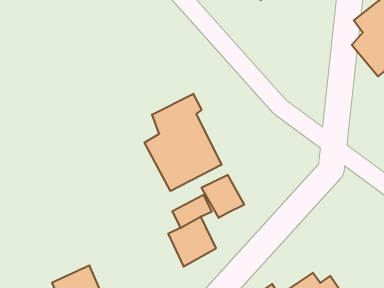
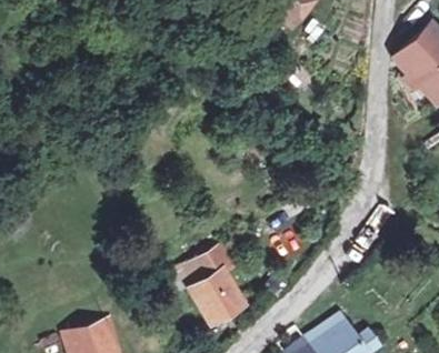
building: [145,94,221,191] -> none
building: [202,175,244,218] -> none

